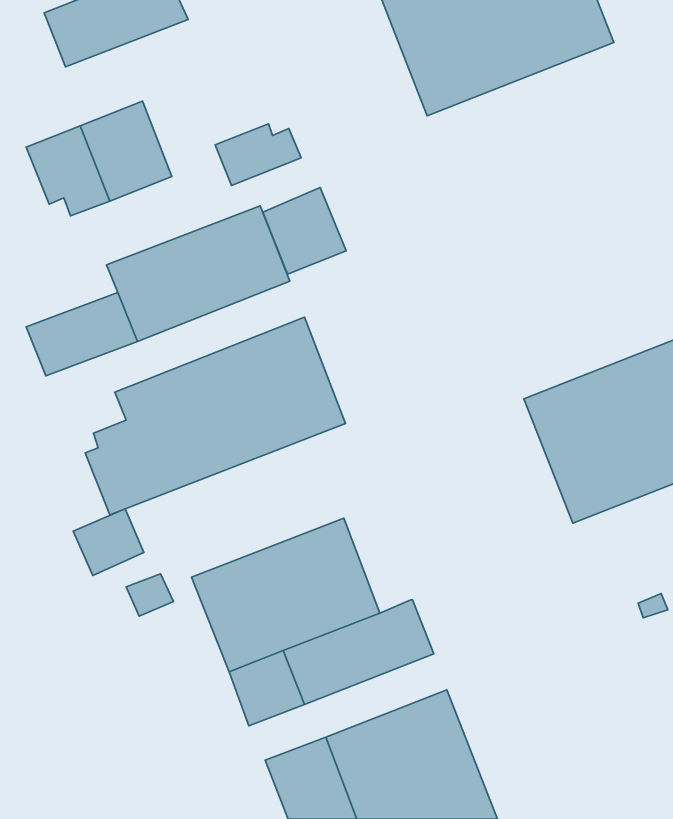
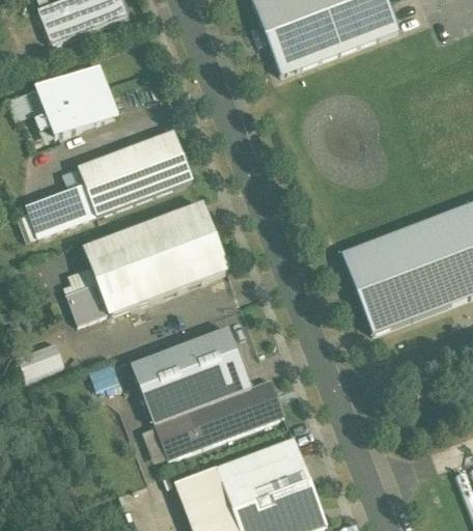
building: [215,124,301,186] -> none
building: [263,187,346,274] -> none
building: [73,509,144,576] -> none

